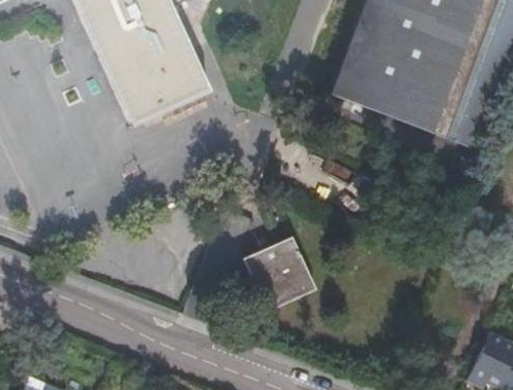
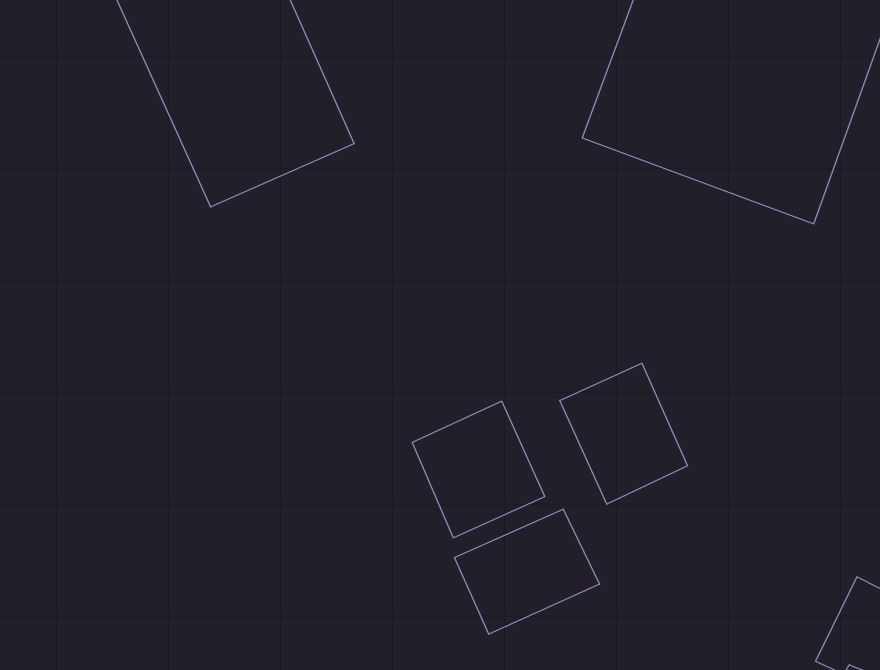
building: none -> [560,363,688,504]
building: none -> [454,509,599,634]

